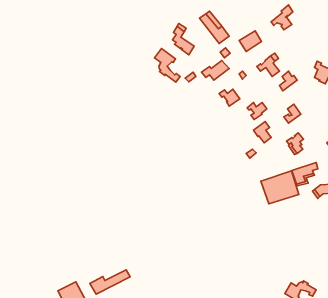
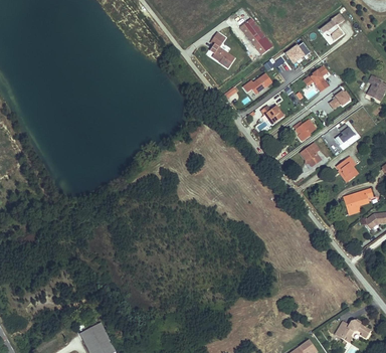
building: [154,49,180,82] -> none
building: [261,171,299,204] -> none
building: [90,270,130,294] -> none

